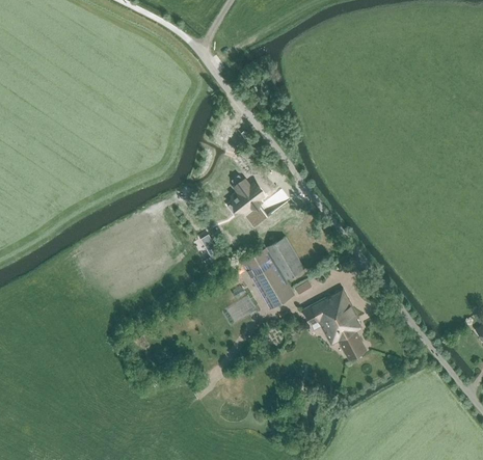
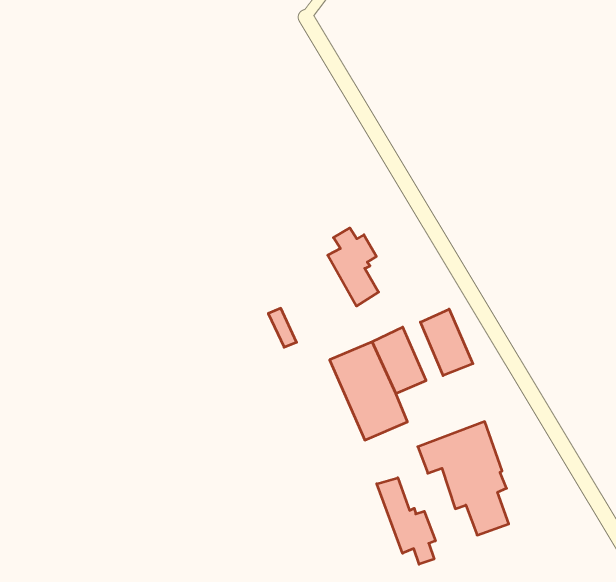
building: none -> [420,309,473,376]
building: none -> [377,478,435,564]

